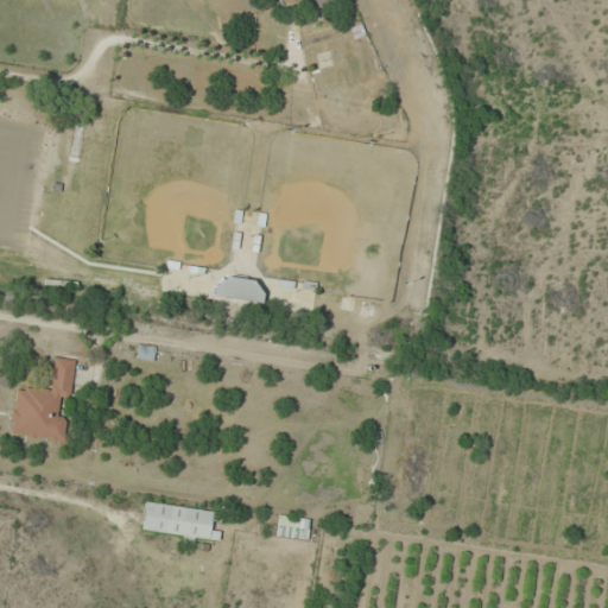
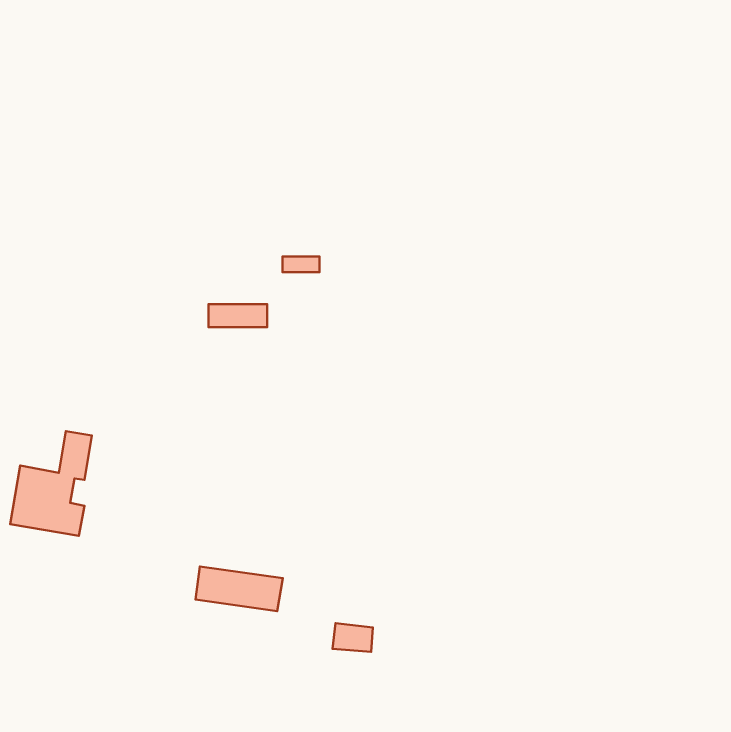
building: [215,280,264,299] -> [208,304,267,327]
building: [142,502,215,539] -> [195,567,283,611]

